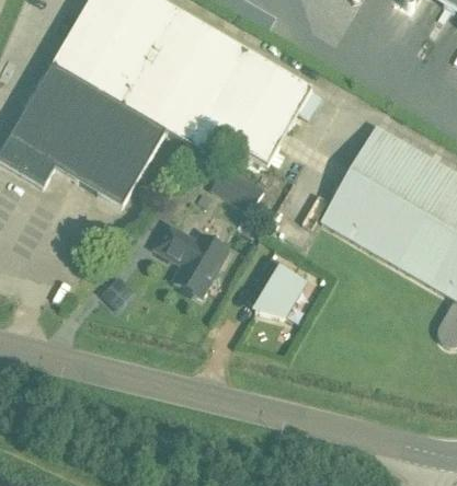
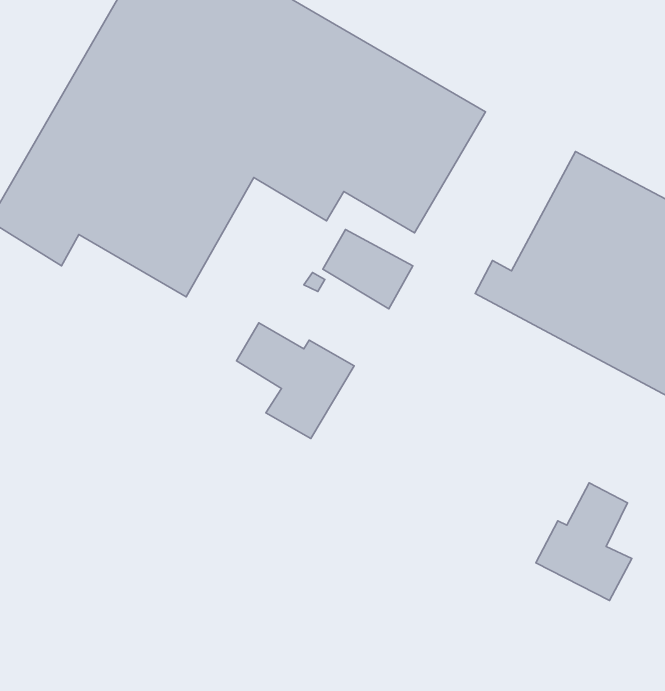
building: [254,257,302,319] -> none
building: none -> [536,483,632,601]

